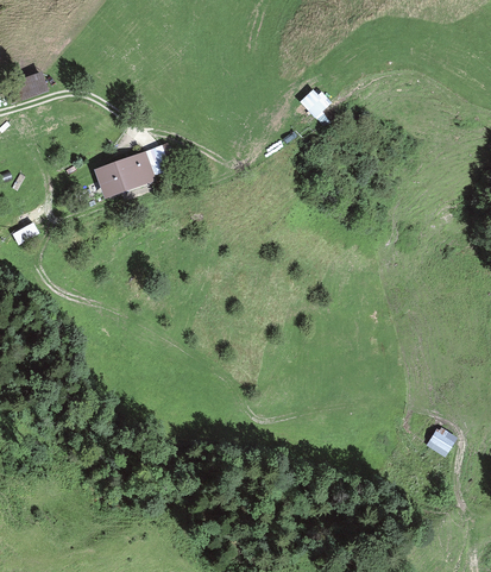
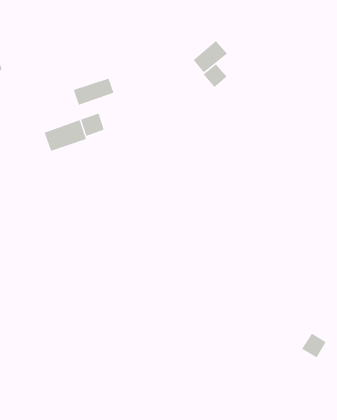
building: none -> [193,40,228,73]
building: none -> [73,78,114,106]

